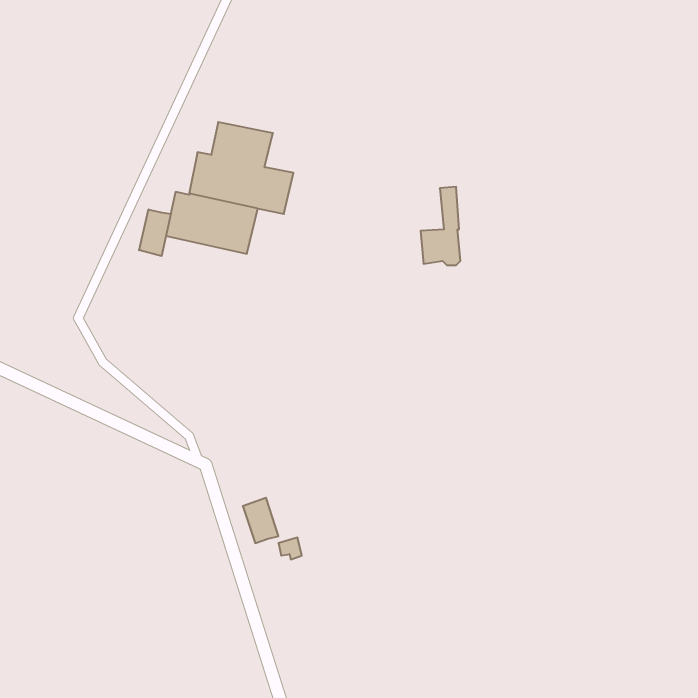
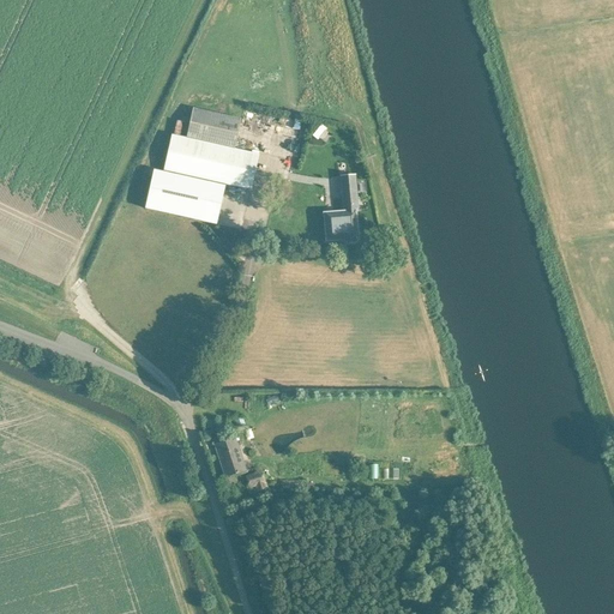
building: [421,187,460,265] -> [321,173,356,241]
building: [139,209,171,256] -> none

